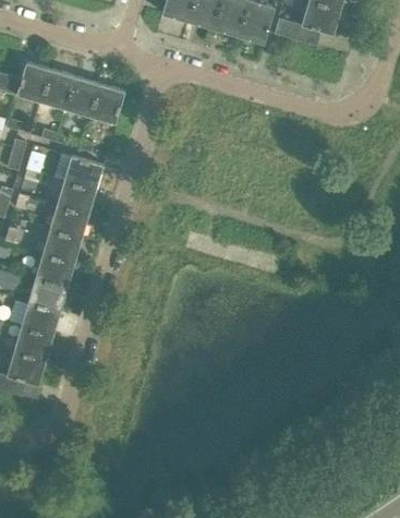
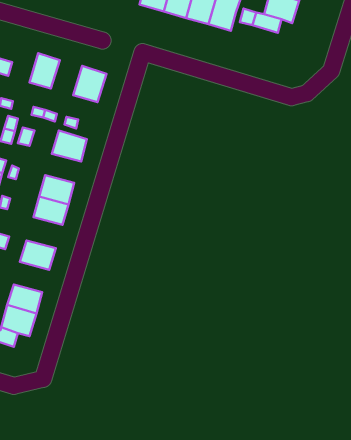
building: [14,61,48,100] -> none
building: [62,75,97,115] -> none
building: [56,180,96,213] -> none
building: [35,251,75,286] -> none
building: [21,301,60,335] -> none

